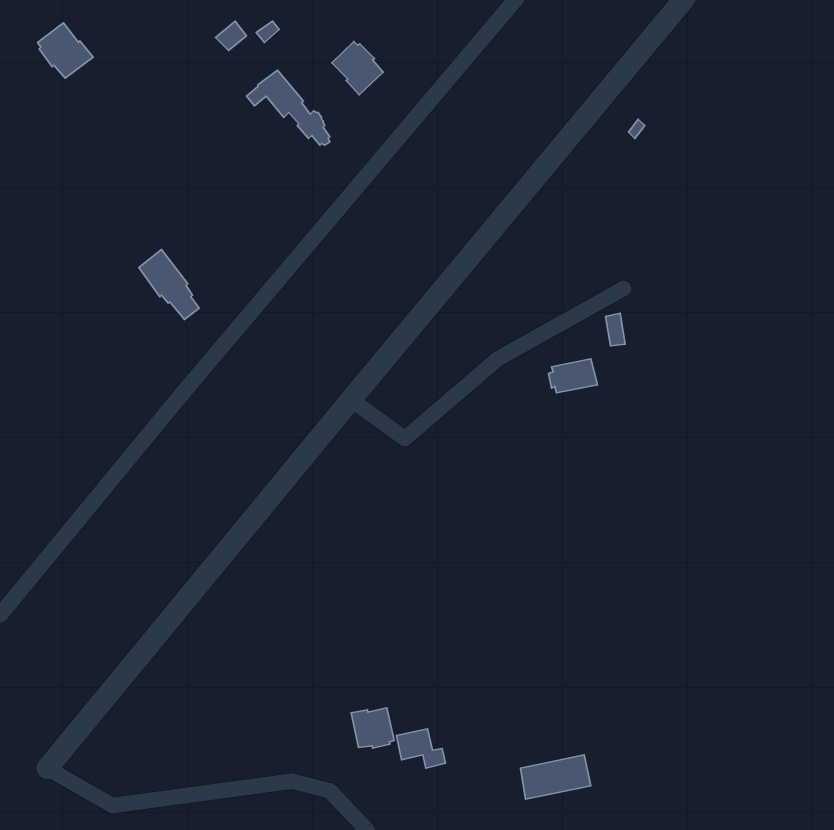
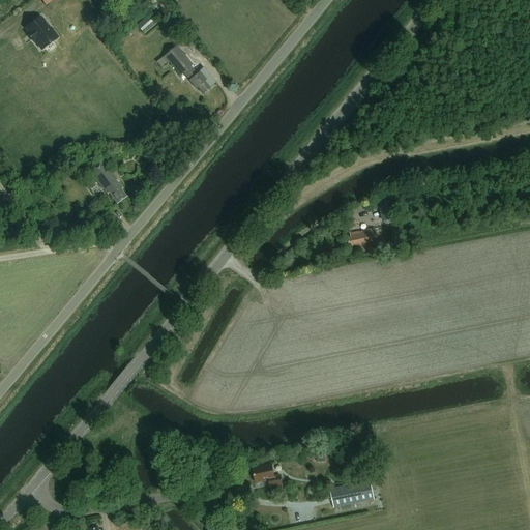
building: [332,41,383,95] -> none
building: [351,708,394,748] -> none

